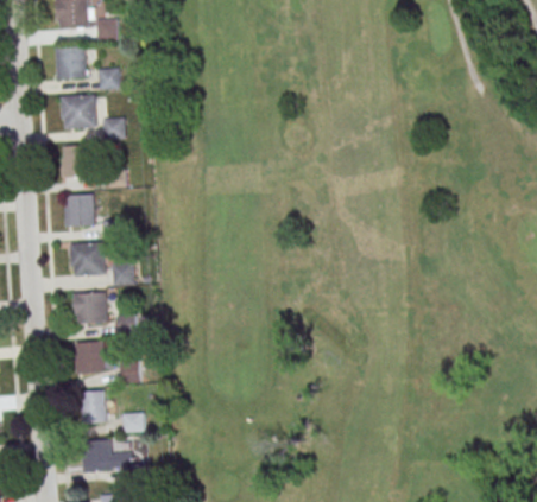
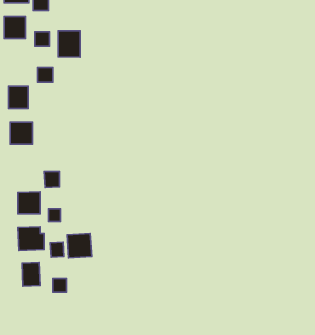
building: none -> [58,31,80,57]
building: [62,95,95,128] -> none
building: [70,242,103,274] -> none
building: none -> [67,233,92,258]
building: [82,440,125,471] -> none

